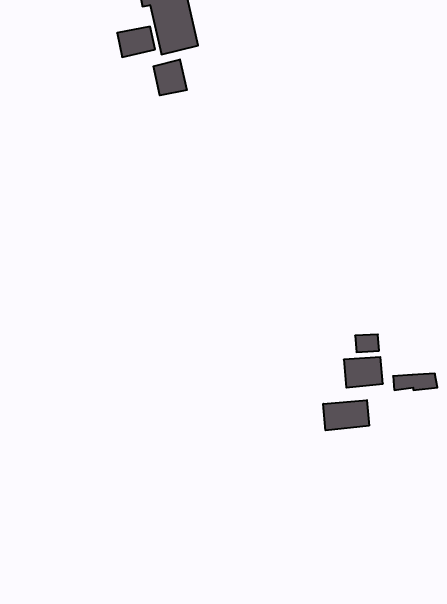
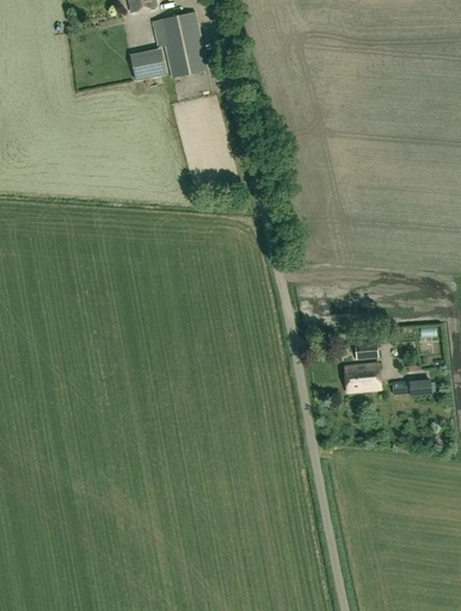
building: [153,59,187,95] -> none
building: [323,400,369,430] -> none

